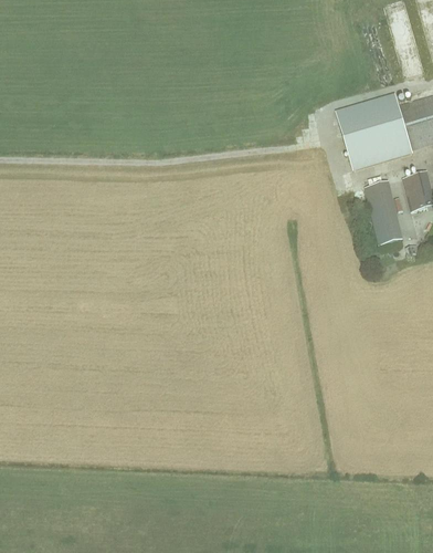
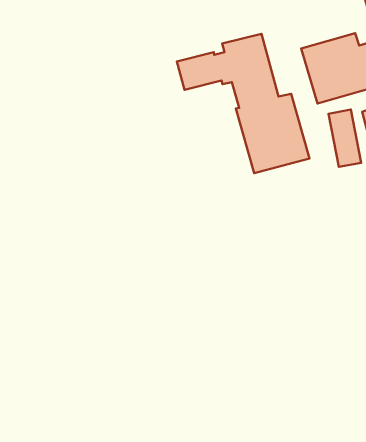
building: none -> [177,34,310,173]

